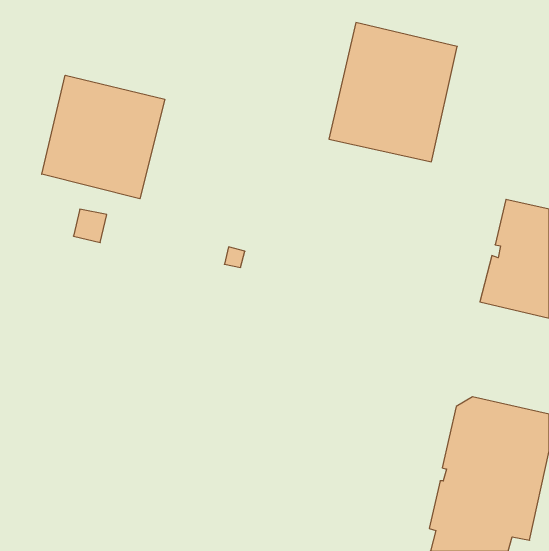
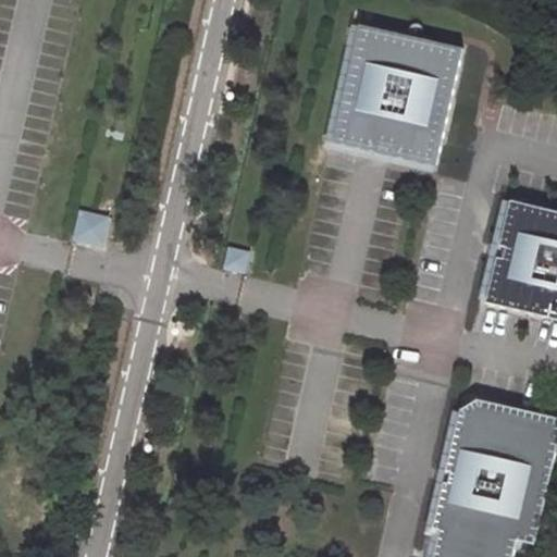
building: [42,75,165,199] -> none

